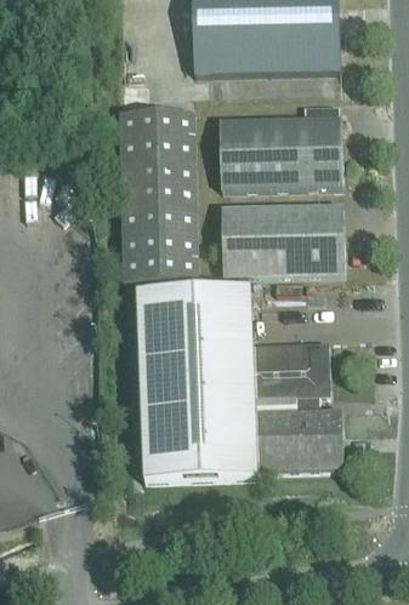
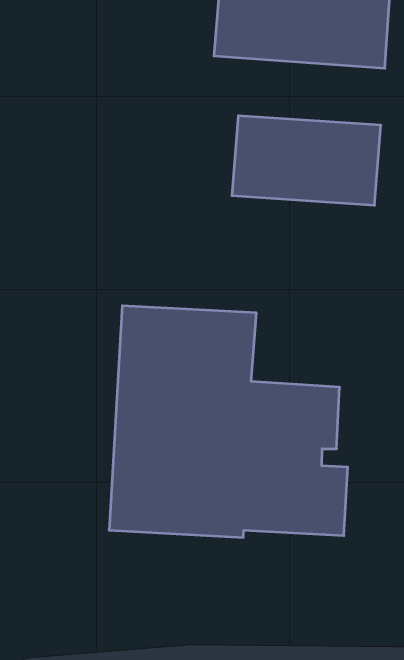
building: [121,110,198,281] -> none
building: [222,204,345,274] -> none

